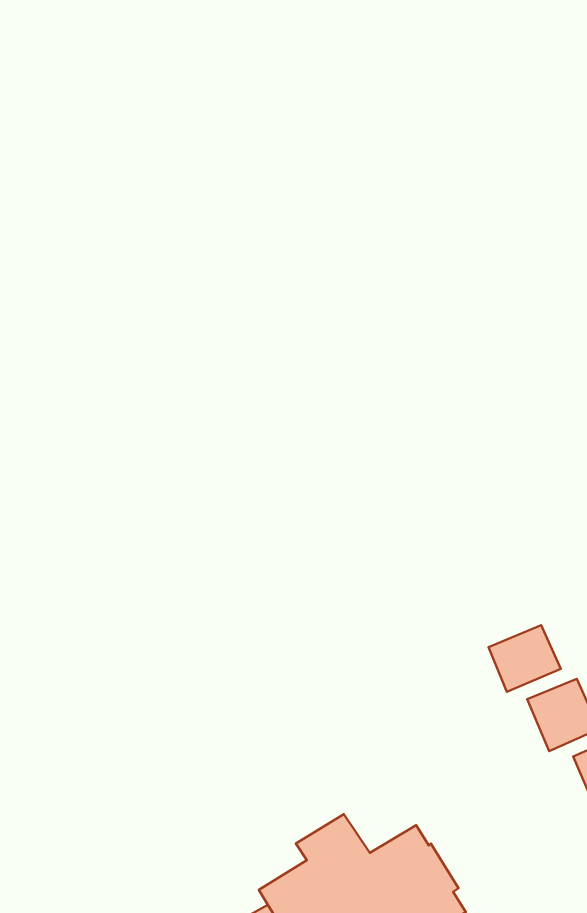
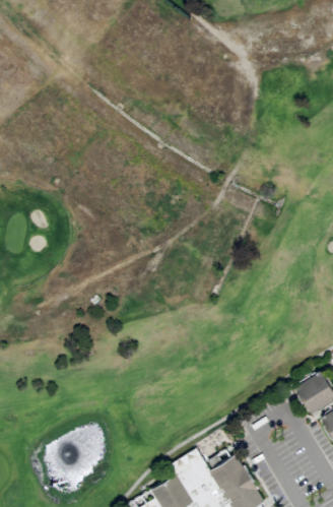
building: [489,625,561,692] -> none

